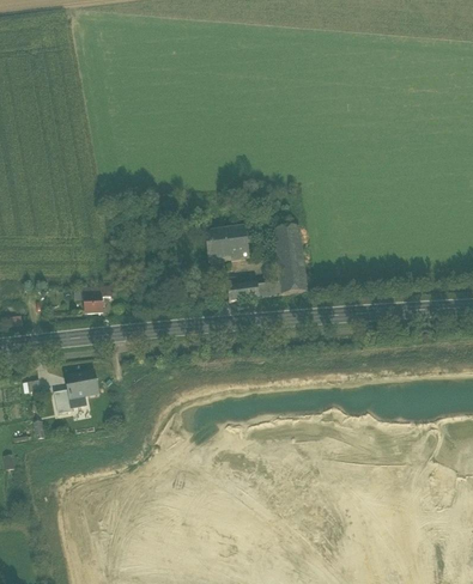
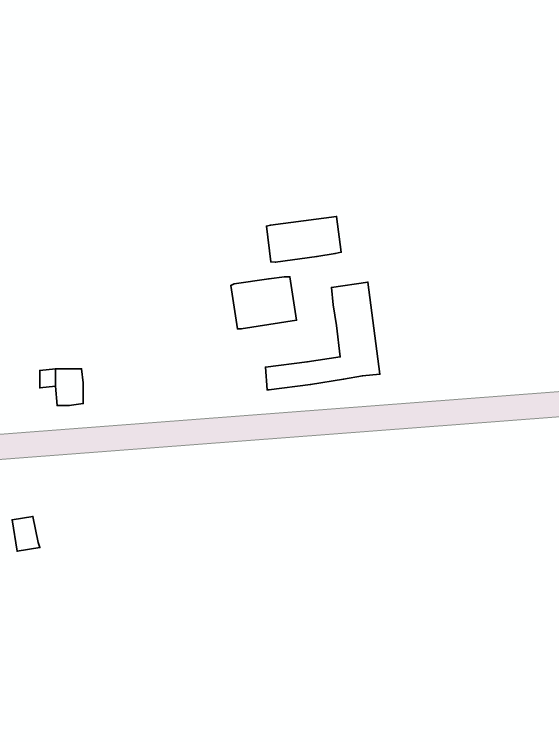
building: none -> [266,216,341,262]
building: [66,371,98,407] -> none

